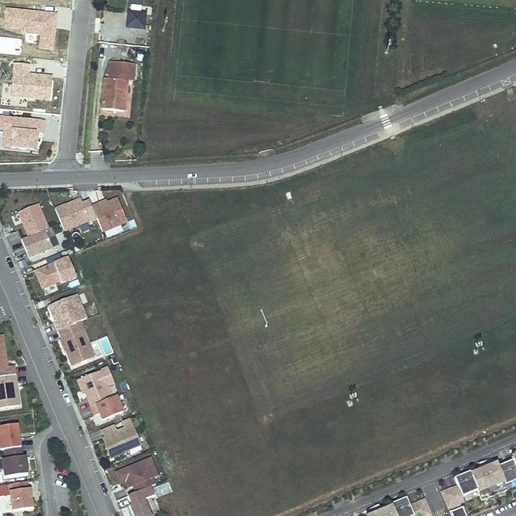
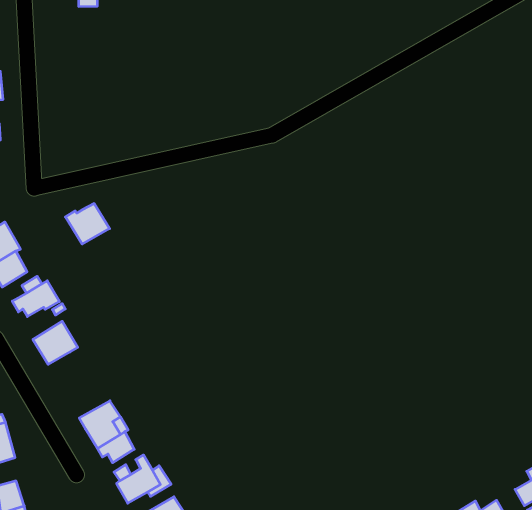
building: [102,61,135,111] -> none
building: [55,198,96,230] -> none
building: [58,321,94,365] -> none

